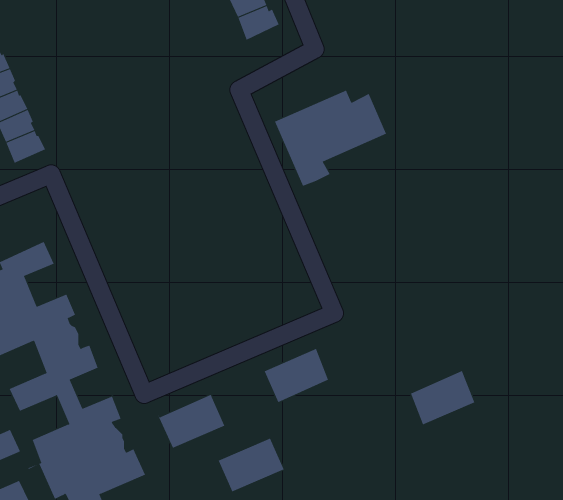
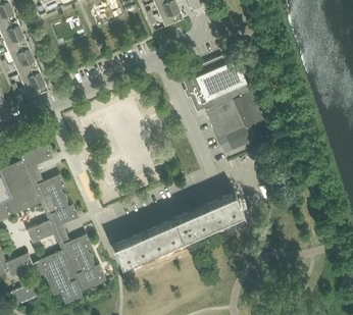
building: none -> [205,82,269,154]
building: [410,367,475,425] -> [205,191,243,224]
building: [218,438,285,492] -> [144,219,183,251]

